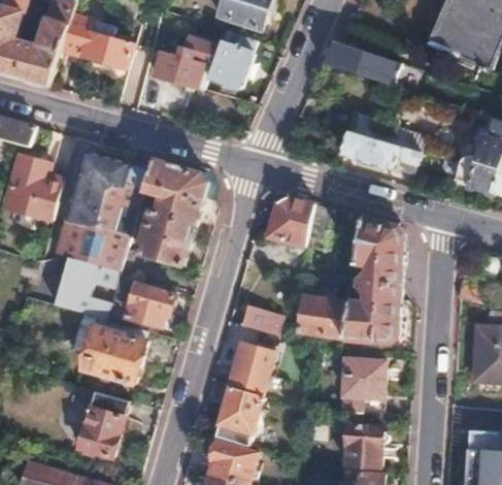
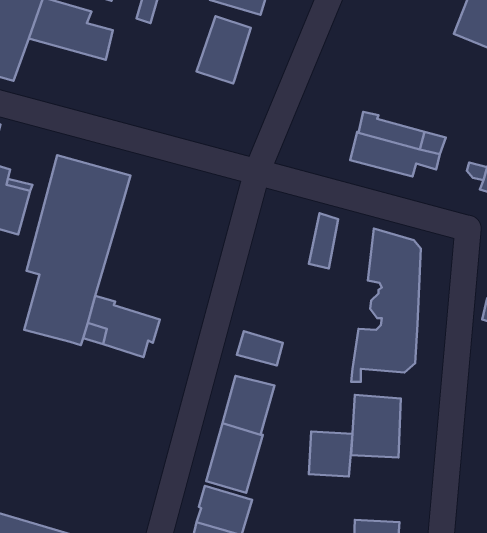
building: [153,31,220,90] -> none
building: [317,41,383,82] -> none
building: [135,157,205,264] -> none
building: [265,195,312,253] -> none
building: [297,297,346,338] -> none
building: [79,315,145,382] -> none
building: [75,390,126,456] -> none
building: [343,427,381,466] -> [309,432,352,476]

